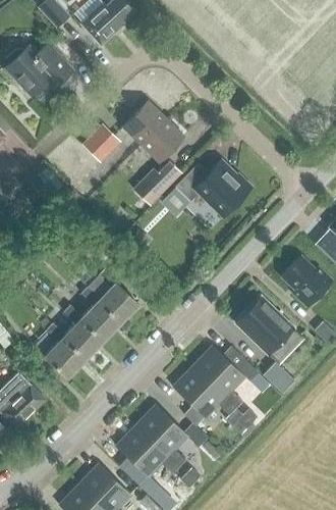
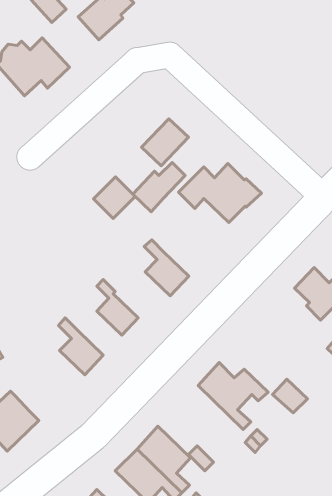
building: [123,101,166,145] -> none
building: [82,124,121,163] -> [94,177,135,218]
building: [80,287,122,339] -> [144,240,189,296]
building: [236,297,301,355] -> none
building: [44,322,88,378] -> none
building: [173,367,235,417] -> none

